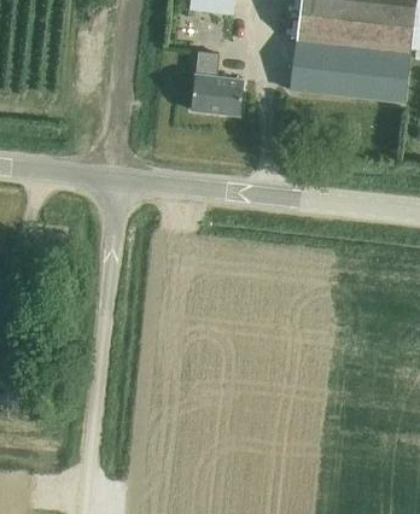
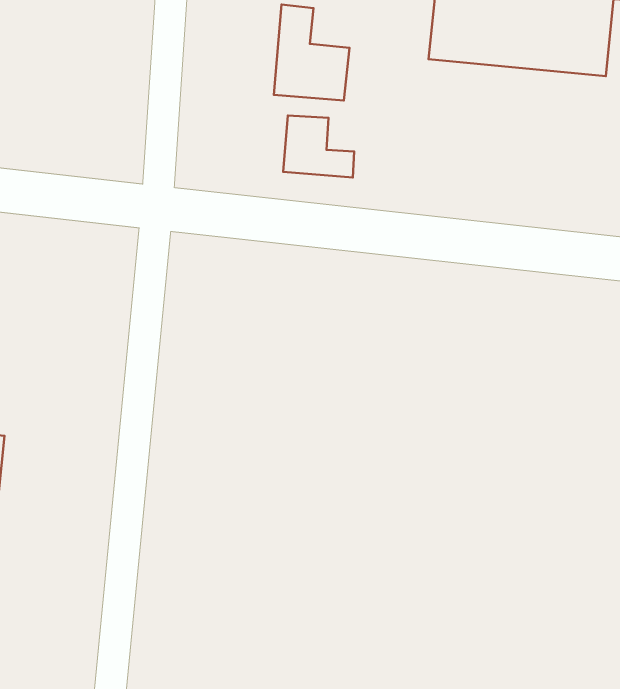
building: none -> [283,115,354,177]

